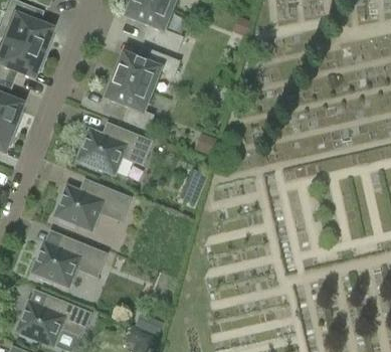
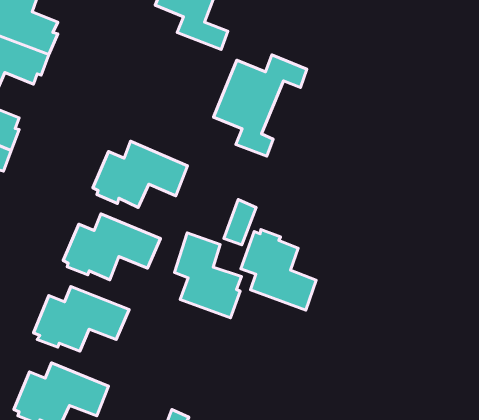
building: [107,49,179,128] -> [214,55,307,156]
building: none -> [241,229,316,310]
building: none -> [174,233,241,318]

